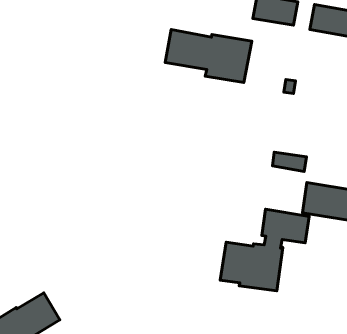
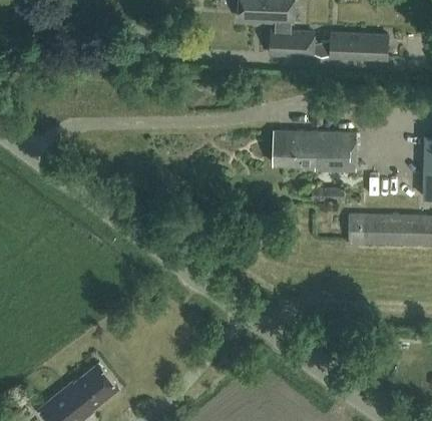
building: [165,30,252,83] -> [273,129,357,173]
building: [220,209,309,291] -> none

